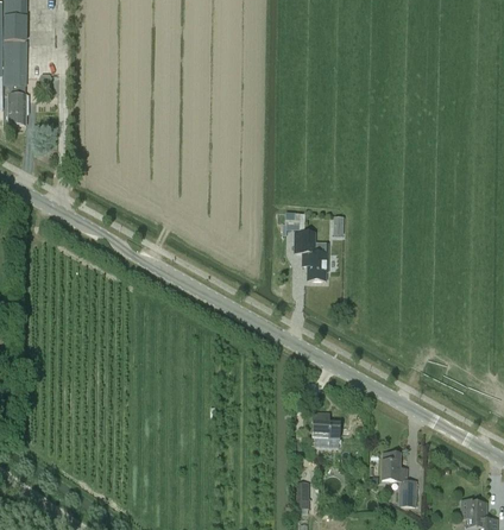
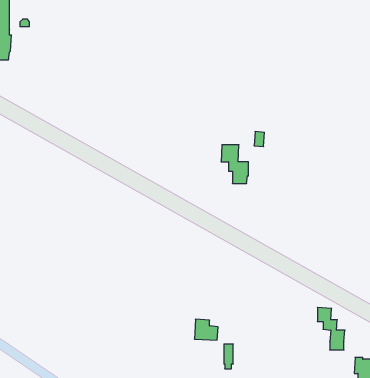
building: [310,410,340,436] -> [194,319,218,340]
building: [382,450,416,504] -> [317,307,345,350]

